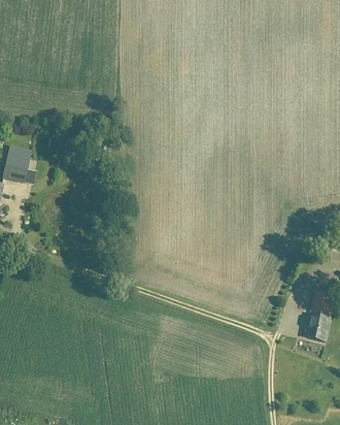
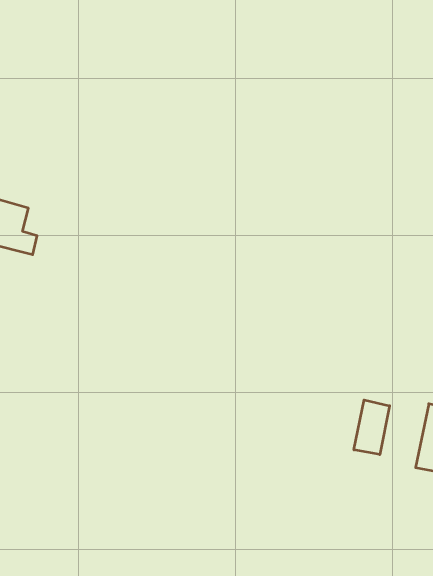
building: none -> [354,400,390,455]

